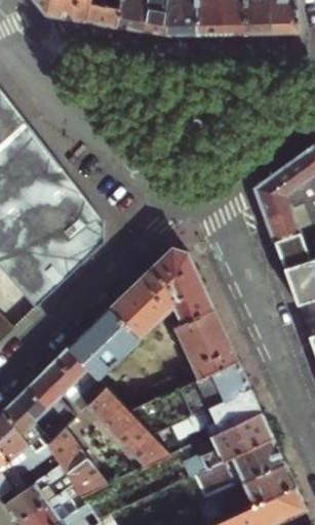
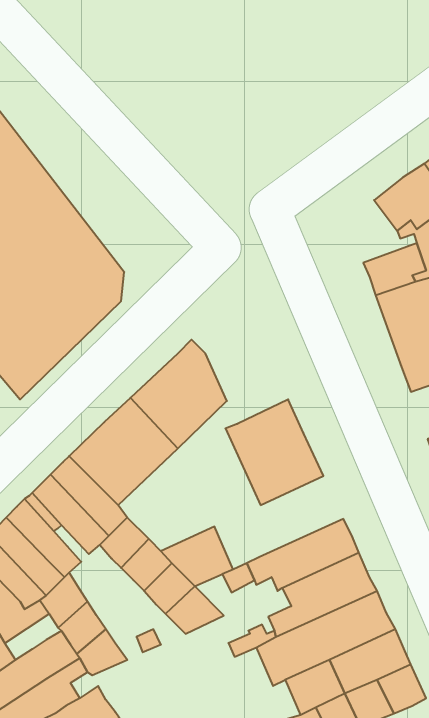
building: [253,176,300,218] -> none
building: [149,248,213,326] -> none
building: [181,361,250,415] -> none

